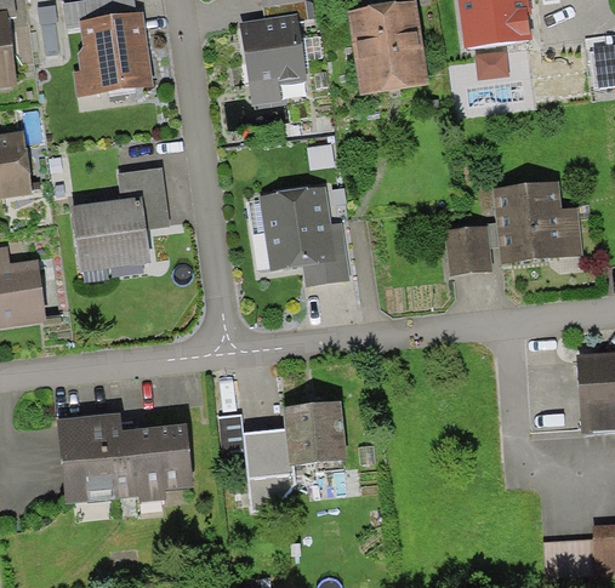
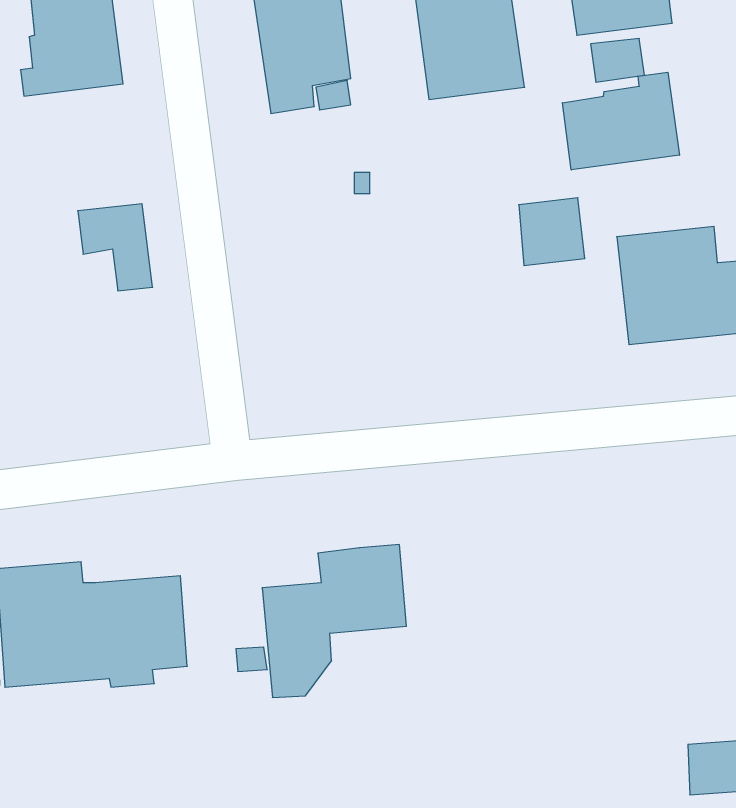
building: none -> [562,72,679,170]
building: [258,184,351,285] -> none
building: [70,196,148,269] -> none
building: [444,224,490,272] -> [519,198,585,266]

